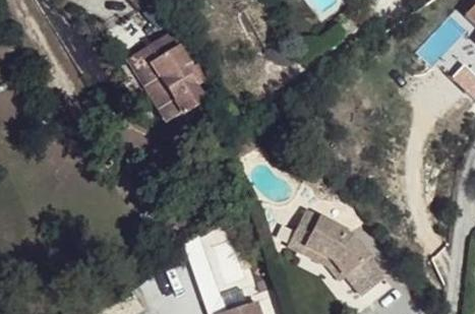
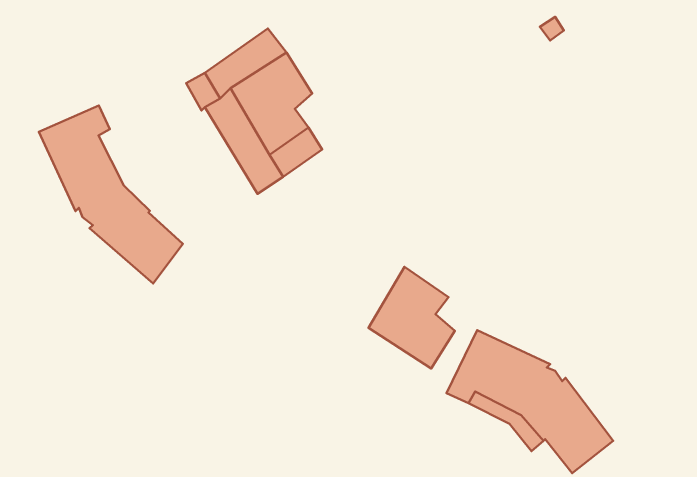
building: none -> [39,105,183,284]
building: none -> [368,267,455,368]

